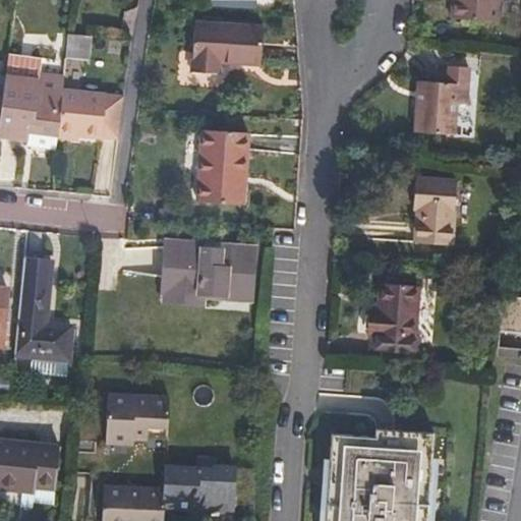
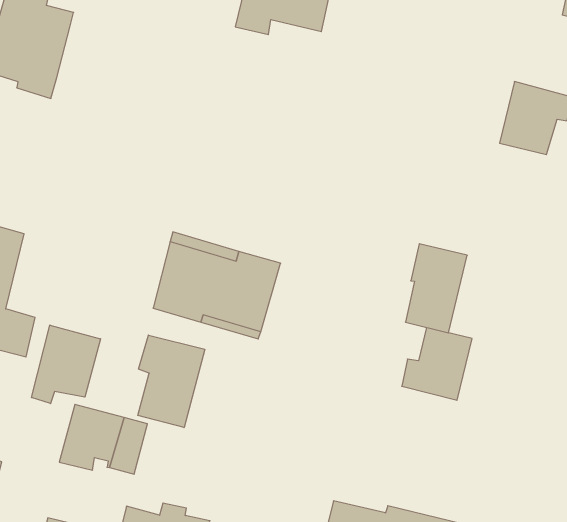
building: [55,91,122,140] -> none
building: [198,129,249,204] -> none
building: [415,179,457,246] -> [405,244,467,333]
building: none -> [138,335,205,428]
building: none -> [32,325,101,404]

